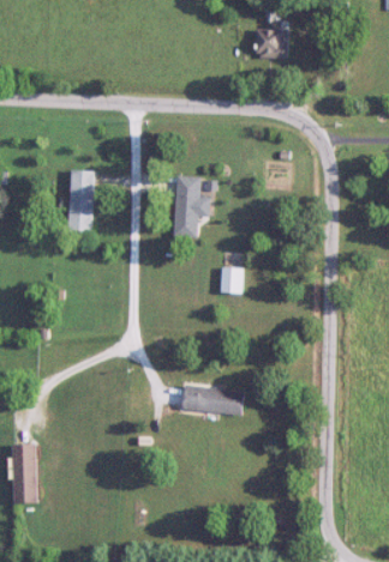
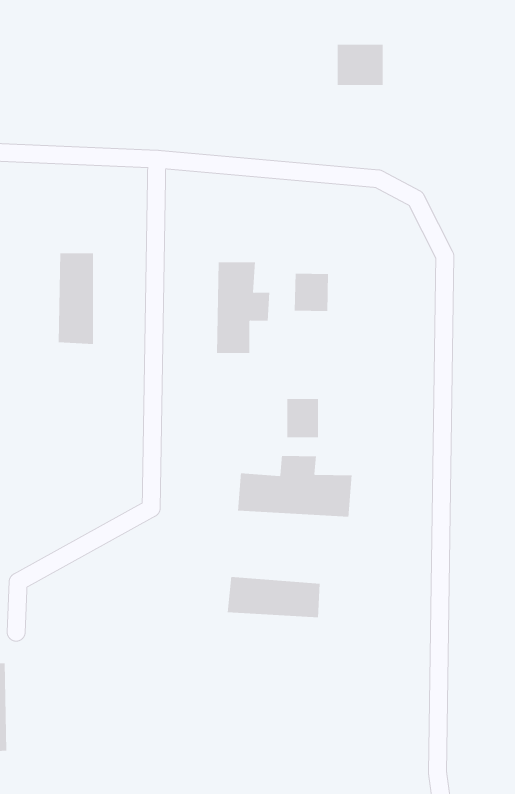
building: none -> [294,273,328,312]
building: none -> [238,455,352,518]

